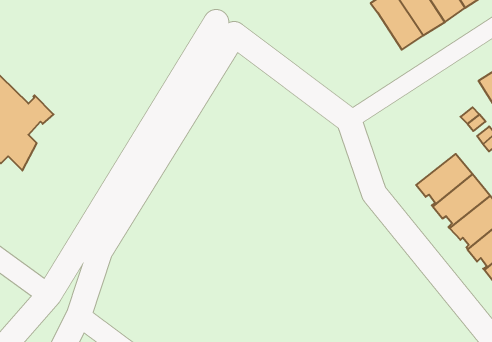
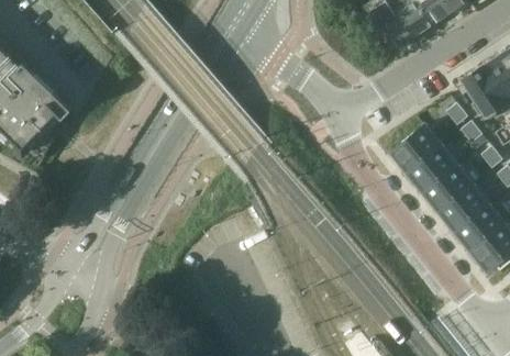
building: none -> [388,124,441,174]

